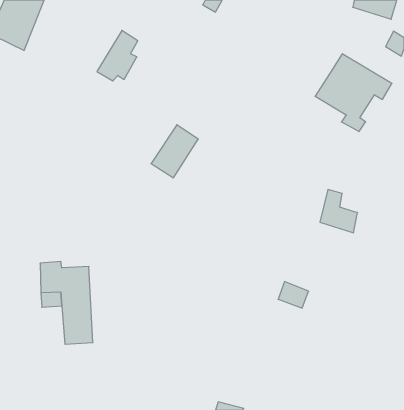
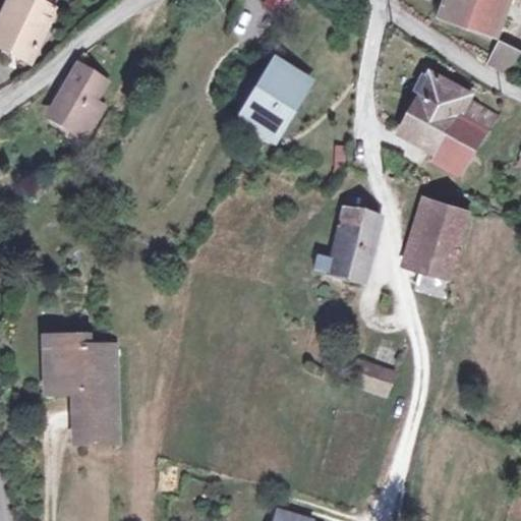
building: [97,30,138,81] -> [46,71,98,135]
building: [151,125,198,178] -> [243,60,303,127]
building: none -> [416,196,469,269]
building: none -> [305,209,366,286]

